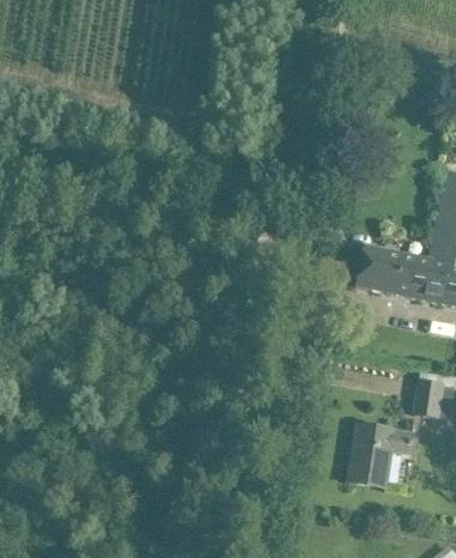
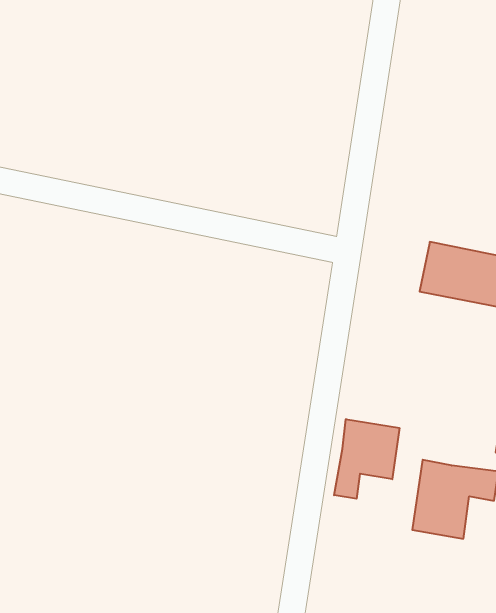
building: none -> [334,419,399,499]

